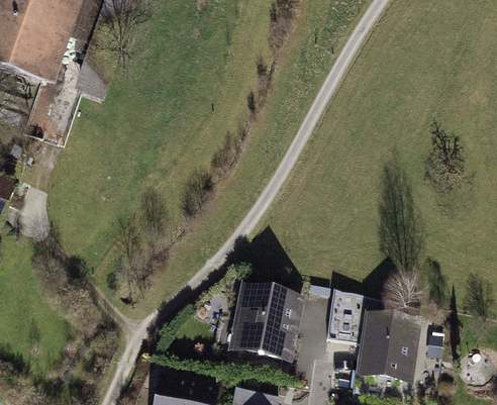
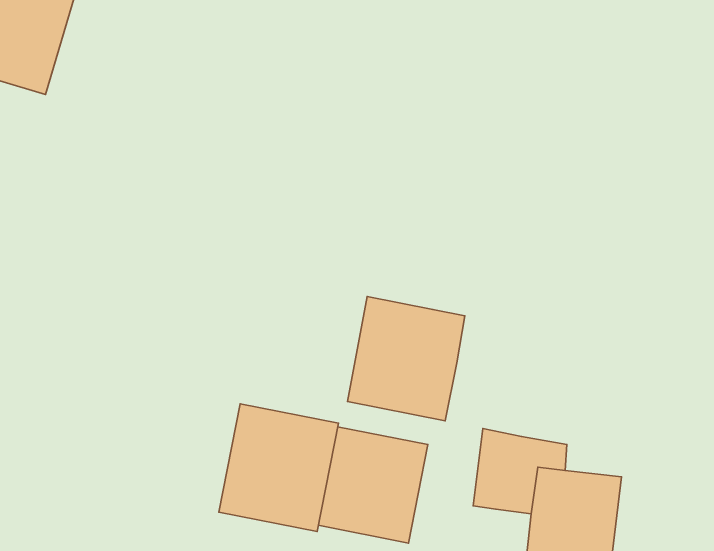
building: none -> [347,297,465,421]
building: none -> [219,404,338,532]

